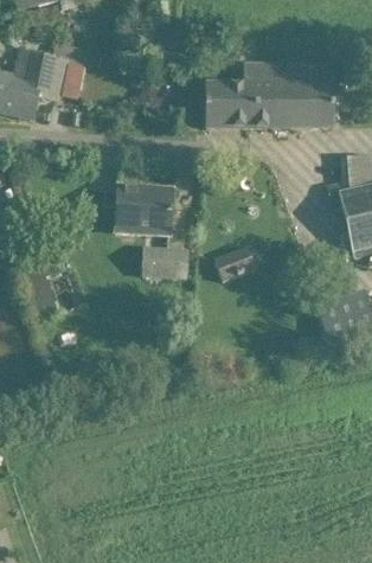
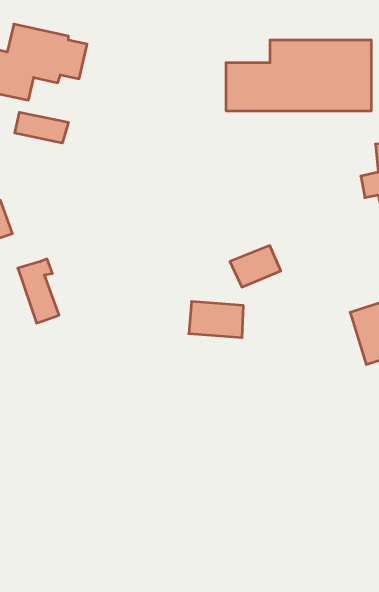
building: none -> [15,112,68,143]
building: [115,184,172,237] -> none
building: [142,247,191,279] -> [189,302,243,338]

